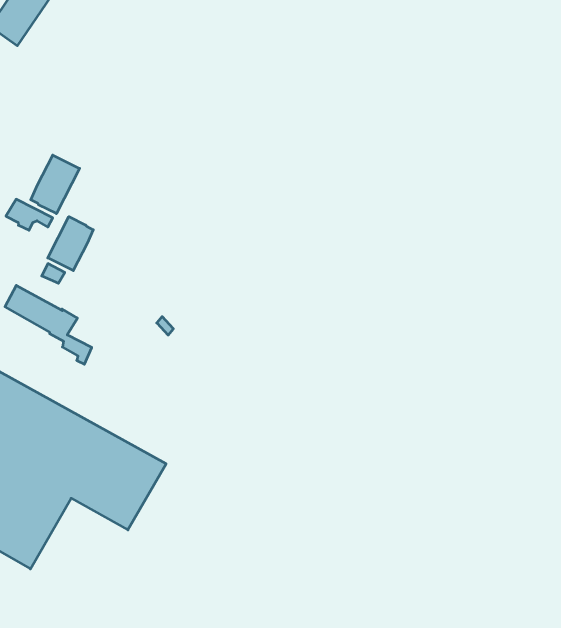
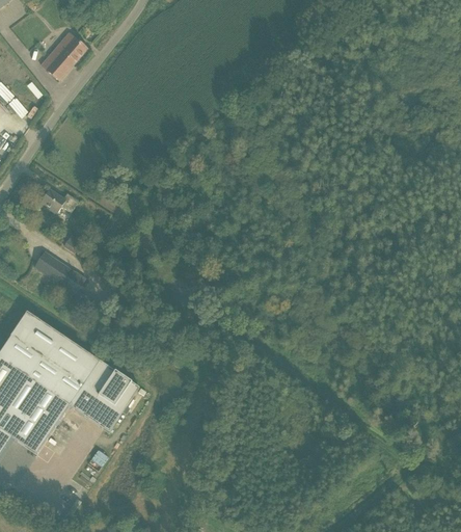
building: [31,155,80,214] -> none
building: [48,217,93,271] -> none

